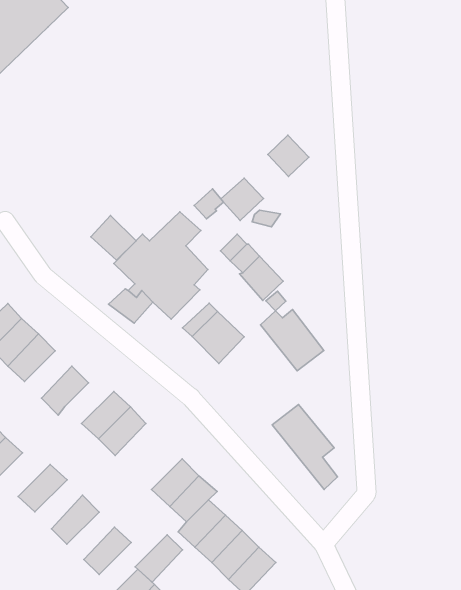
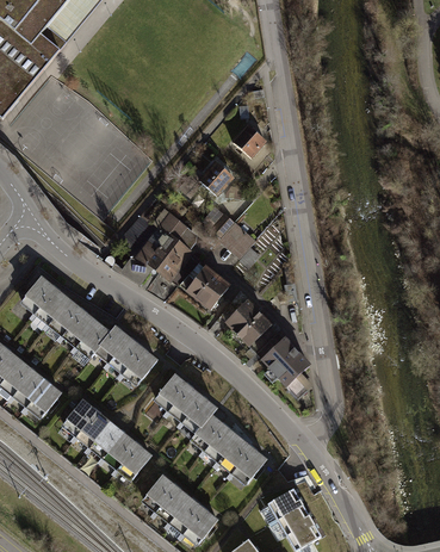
building: [91,216,136,260] -> none
building: [261,310,324,371] -> [225,303,277,351]
building: none -> [61,309,97,347]
building: none -> [94,324,131,364]
building: none -> [154,372,190,410]
building: none -> [79,409,114,448]
building: [135,535,183,582] -> [106,432,142,470]

